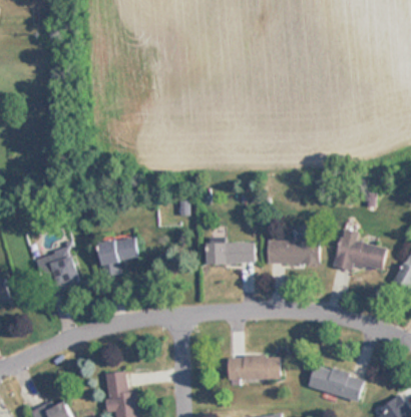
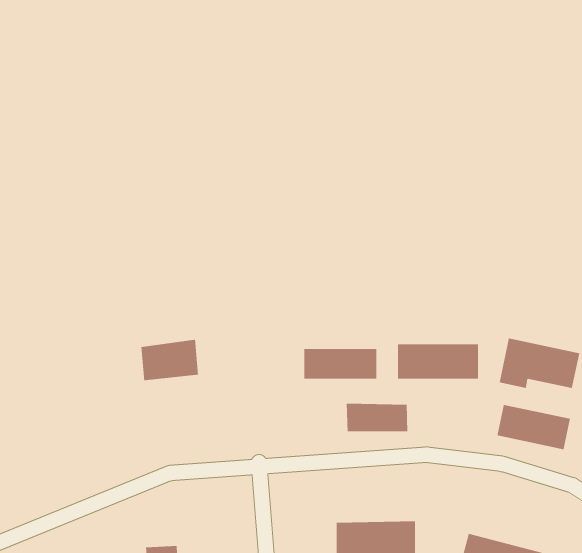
building: [39,247,81,290] -> none
building: none -> [346,403,408,432]
building: none -> [497,404,571,450]

